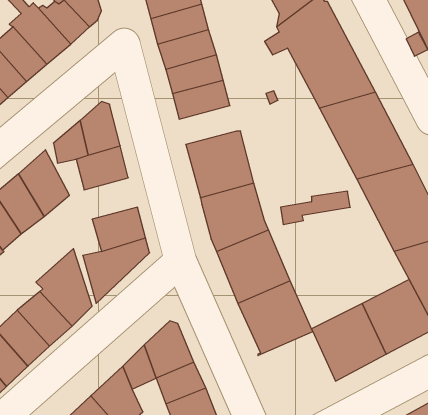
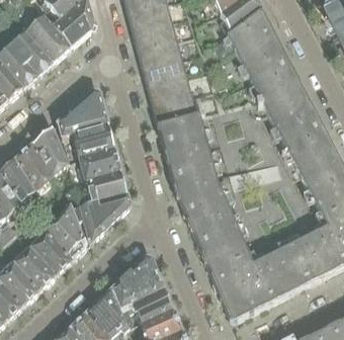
building: none -> [152,94,195,123]
building: none -> [80,149,120,180]
building: none -> [211,265,270,320]

